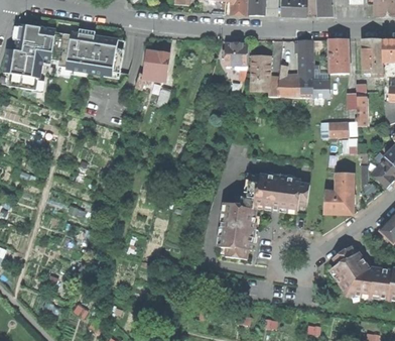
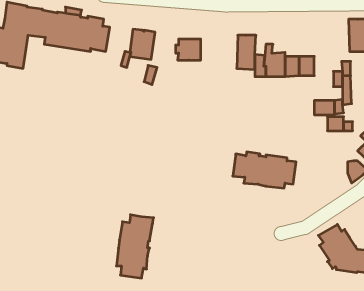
building: [298,39,312,78] -> none
building: [327,39,348,73] -> none
building: [222,43,247,65] -> [176,39,201,60]
building: [323,174,353,214] -> none
building: [221,196,258,259] -> [116,215,154,278]

